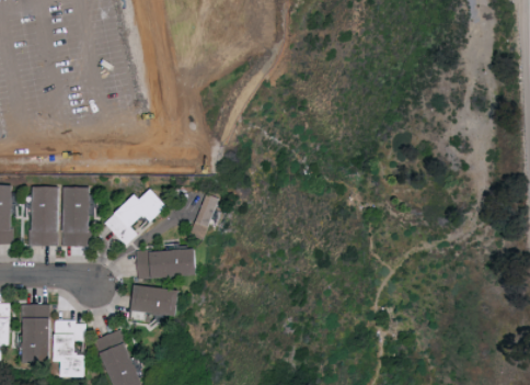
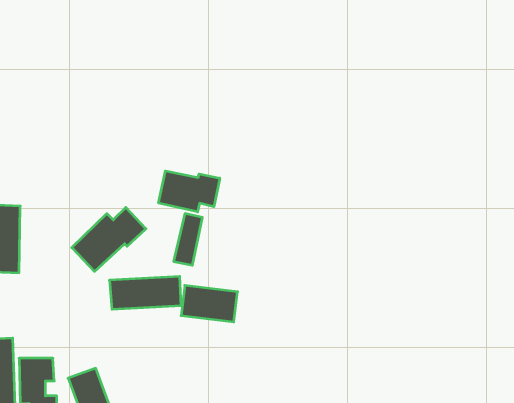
building: none -> [159,171,220,212]
building: [58,186,87,246] -> none
building: [130,284,180,316] -> [181,285,238,322]

